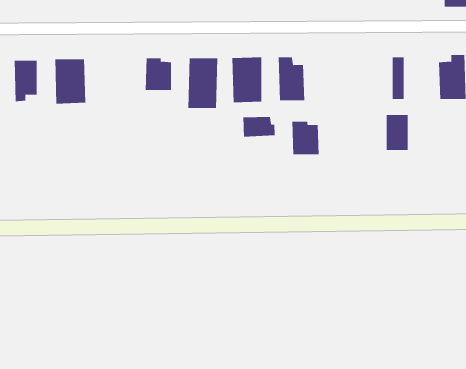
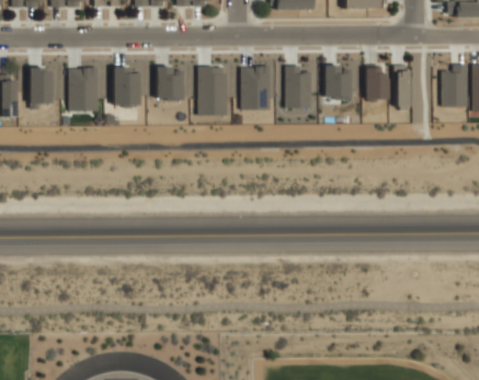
building: none -> [115,68,140,106]
building: [386,114,409,151] -> [366,65,388,100]
building: [243,116,275,138] -> none
building: [291,121,320,155] -> [324,66,352,99]

